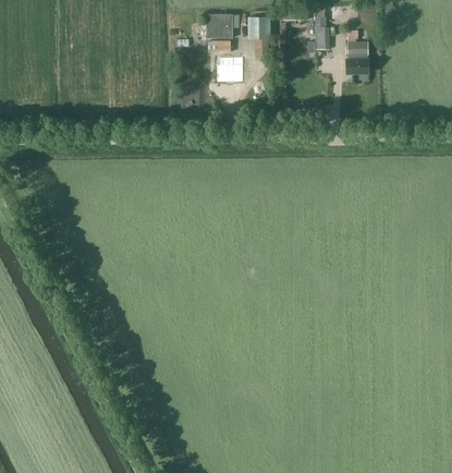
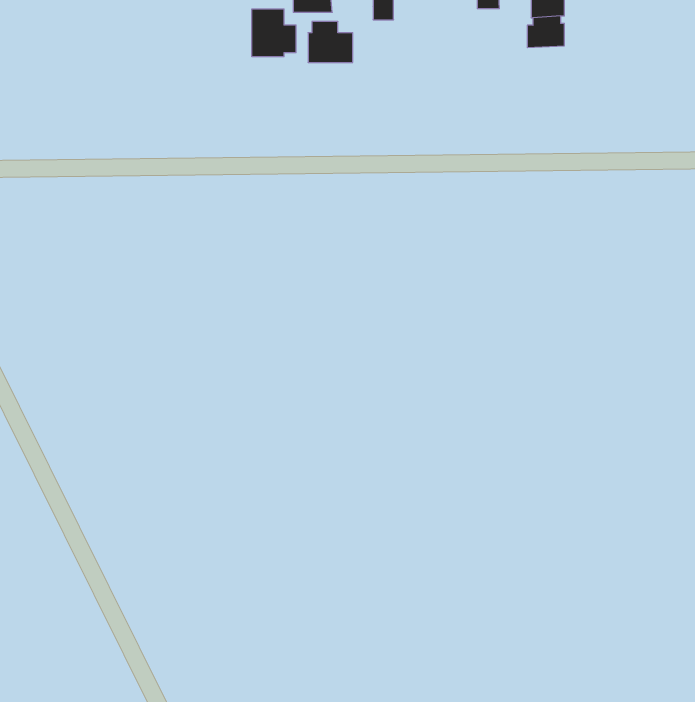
building: none -> [252,9,296,57]

